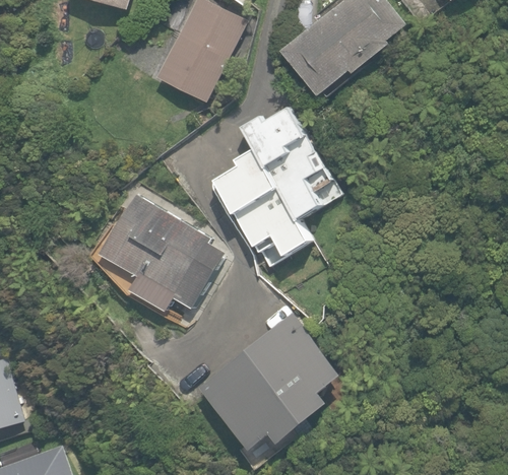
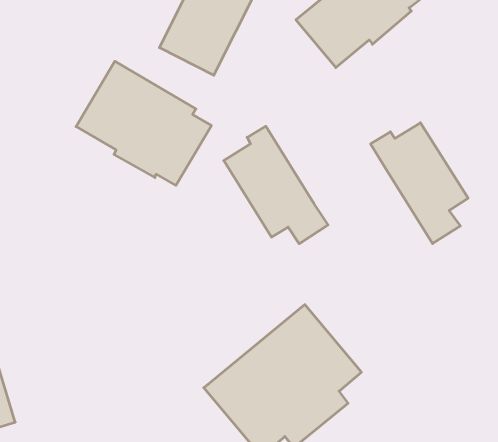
building: [241,109,330,219] -> [371,123,468,244]
building: [100,195,224,309] -> [76,61,211,185]

